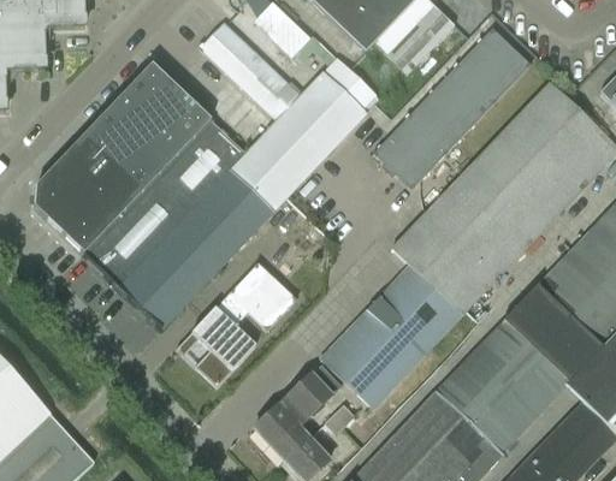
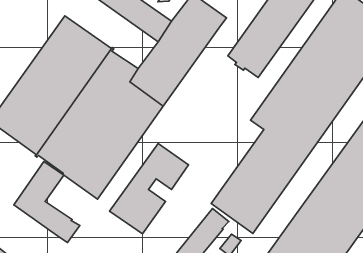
building: none -> [14,161,80,243]

